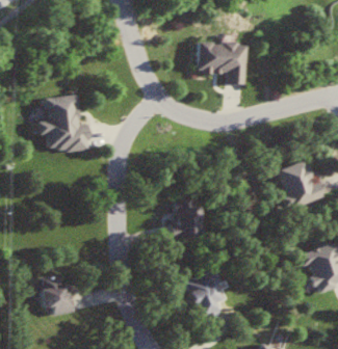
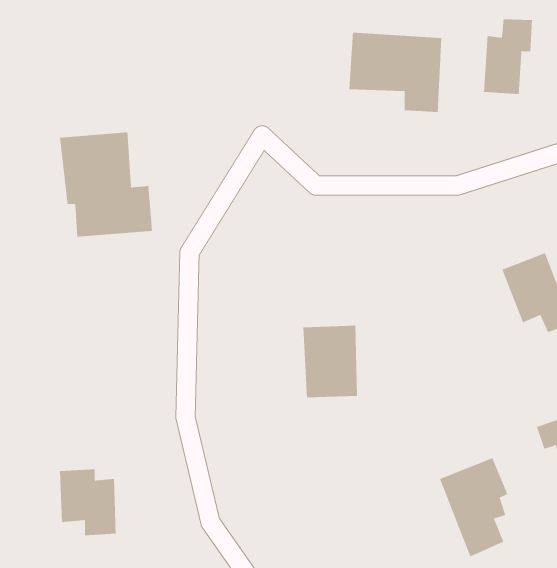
building: none -> [484,18,533,95]
building: [186,269,224,323] -> [439,458,508,557]

